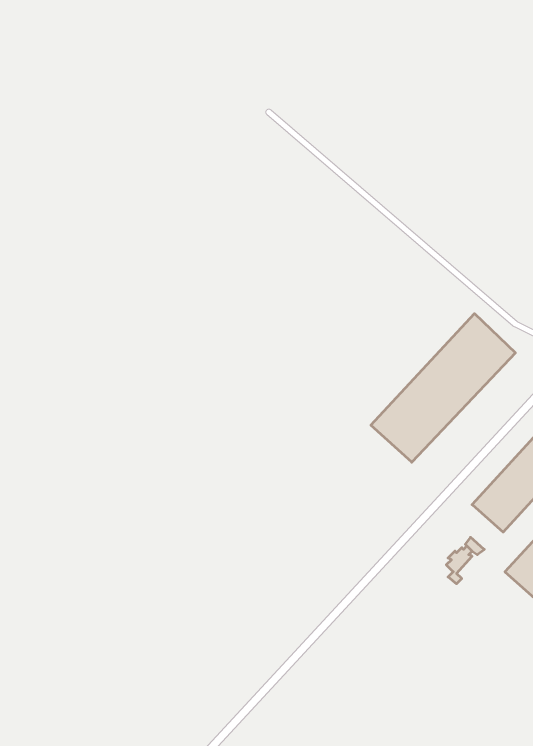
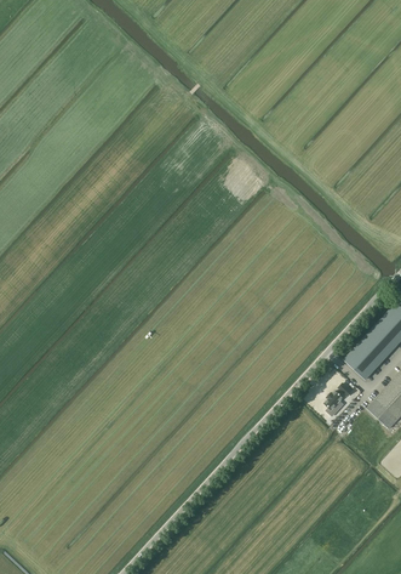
building: [371,314,515,462] -> none

